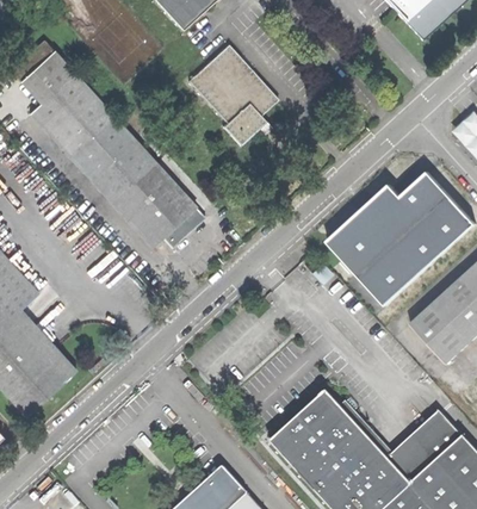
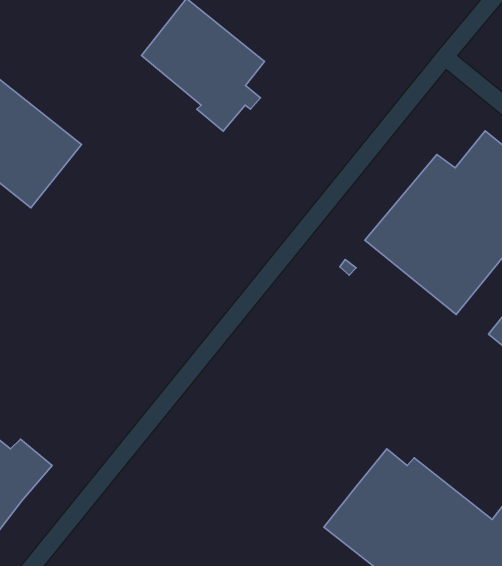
building: [89,139,205,248] -> none

